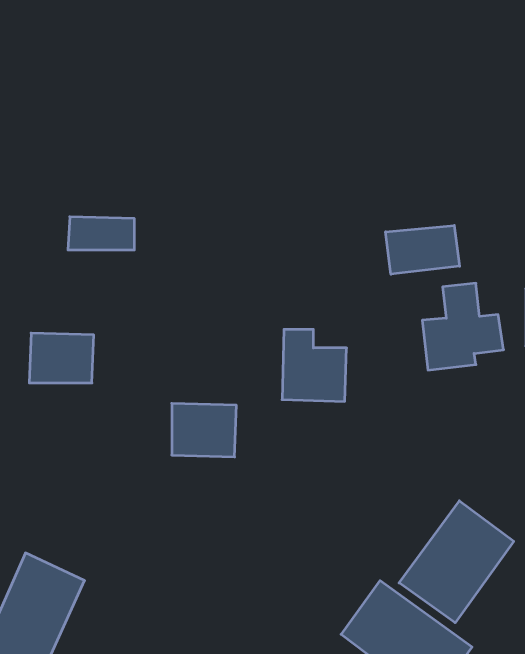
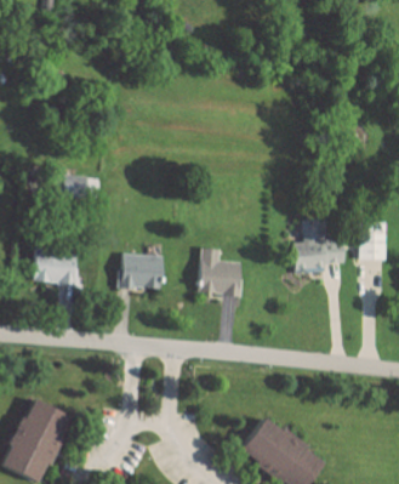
building: [386,225,460,274] -> none
building: [172,403,236,457] -> [121,255,164,290]
building: [399,501,514,623] -> none

